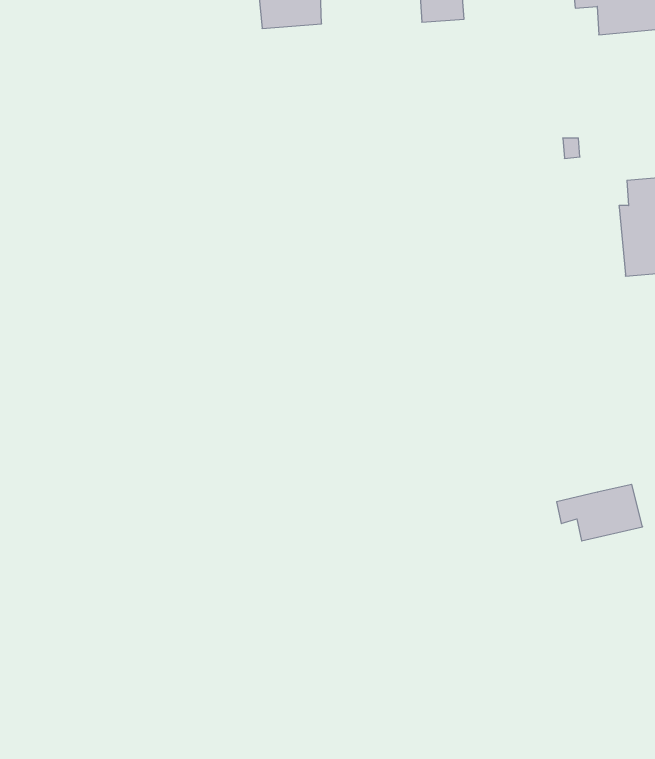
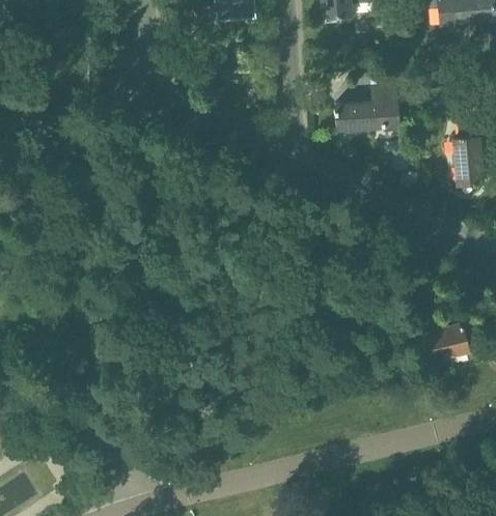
building: none -> [335,84,399,130]

